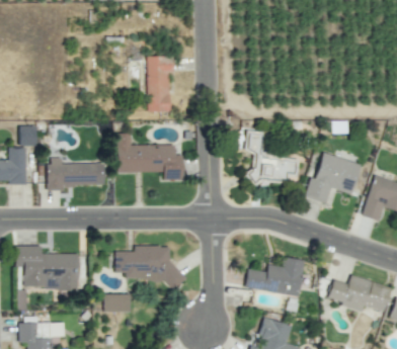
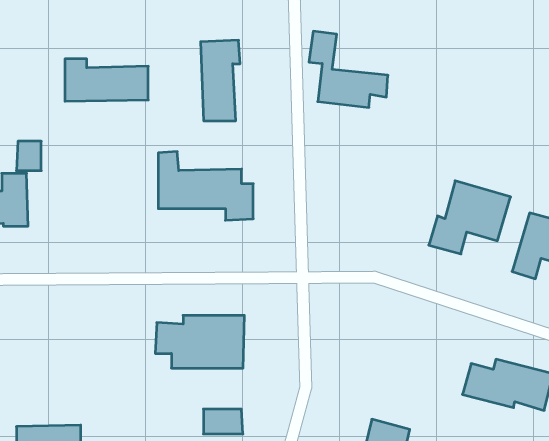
building: [244,130,299,183] -> [309,31,388,107]
building: [48,158,105,187] -> [65,59,148,101]
building: [15,246,79,288] -> none
building: [246,257,305,295] -> none
building: [104,294,132,312] -> [203,409,243,434]

